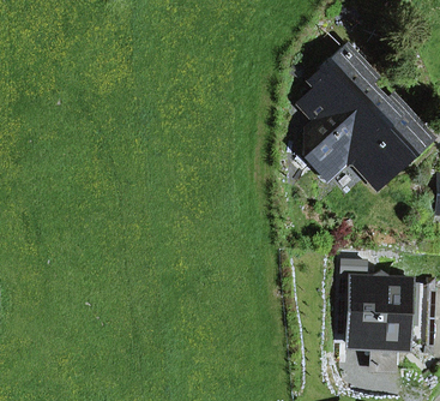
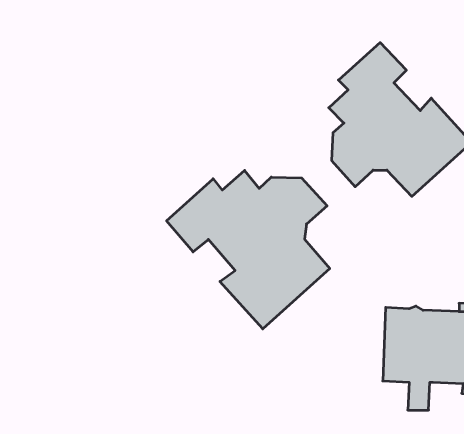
building: none -> [167,170,330,329]

